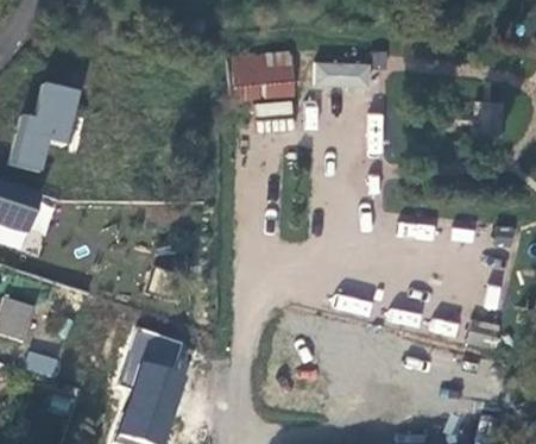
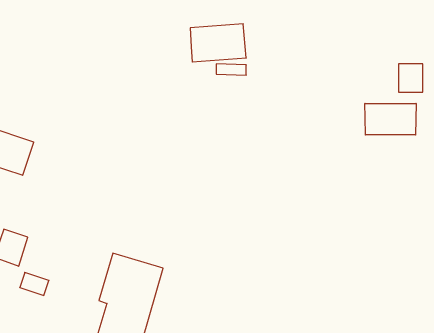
building: [314,61,371,87] -> none
building: [10,85,77,171] -> none
building: none -> [365,103,416,135]

